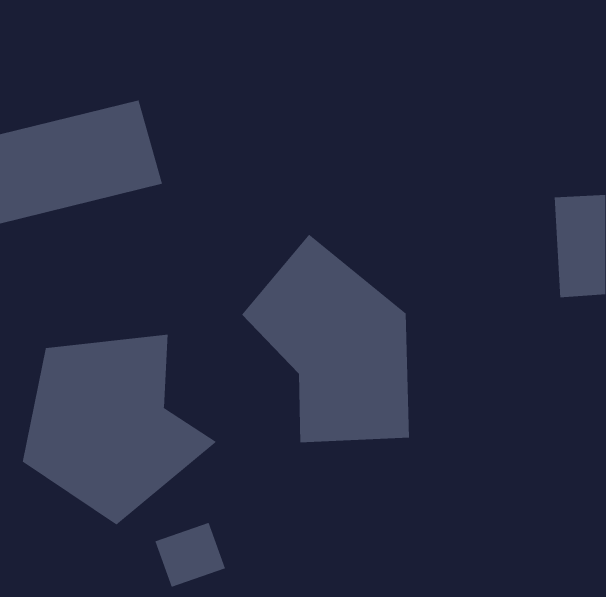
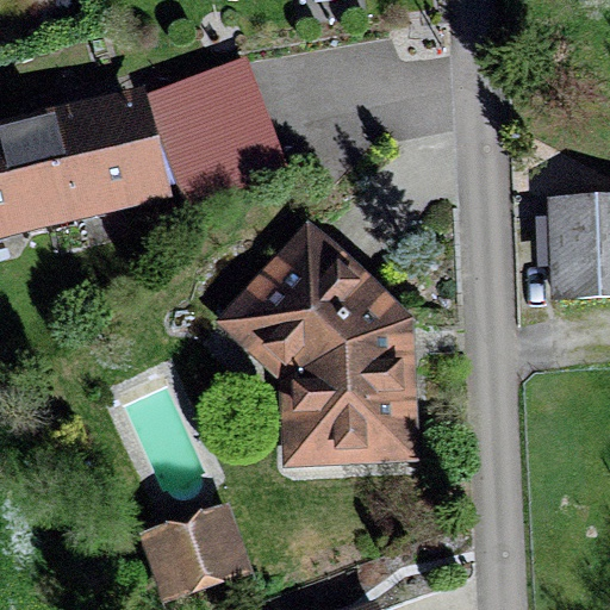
building: none -> [150,68,275,199]
building: [22,334,217,526] -> none

